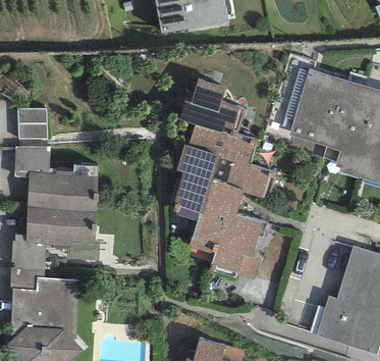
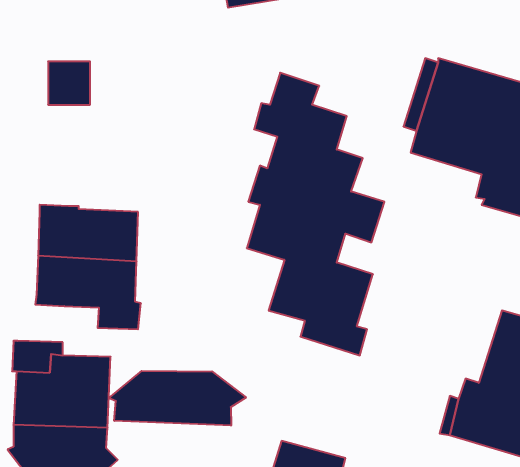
building: [17,108,47,139] -> [48,61,90,105]
building: [14,146,50,176] -> none
building: [11,234,46,268] -> none
building: none -> [109,371,246,426]

